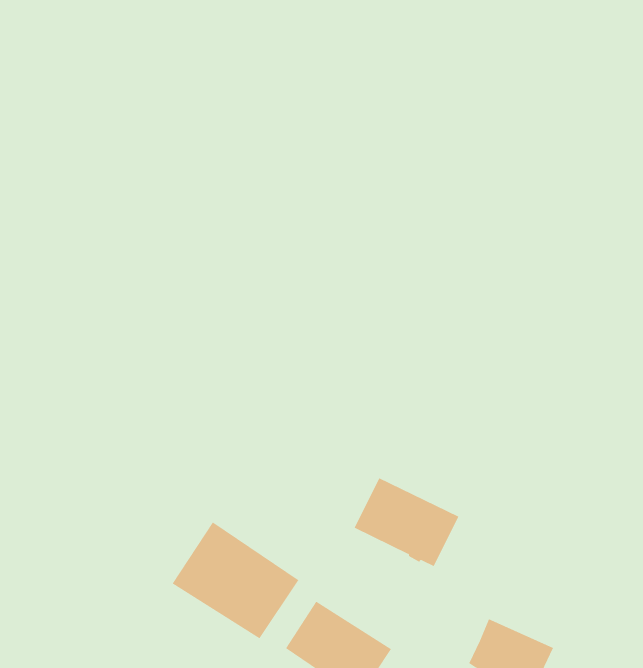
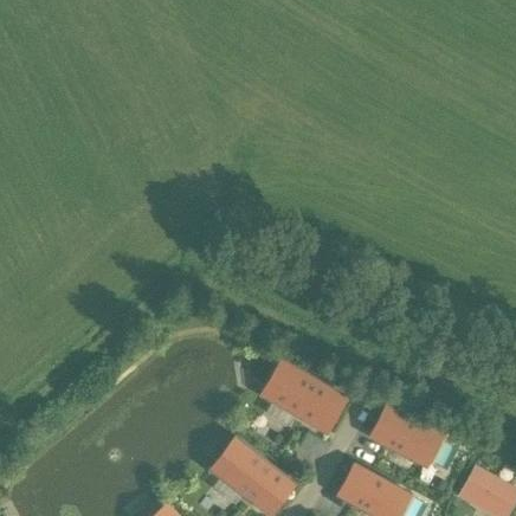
building: [172,522,299,639] -> none
building: none -> [374,407,431,459]

